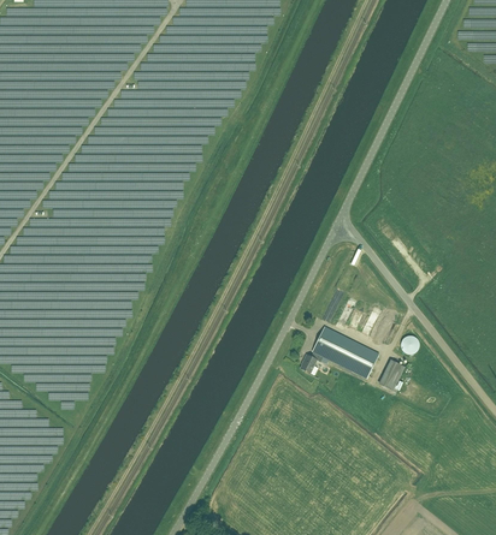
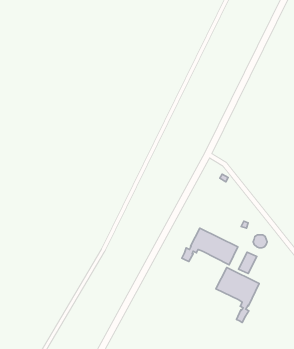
building: none -> [216,268,259,322]

